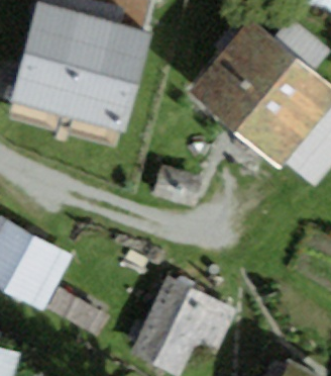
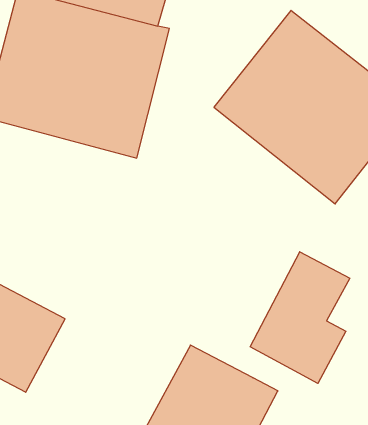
building: none -> [250,252,350,383]

